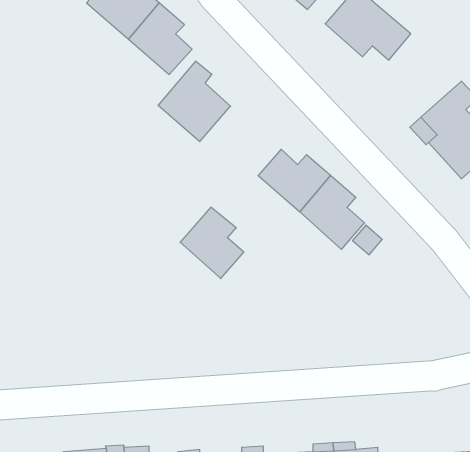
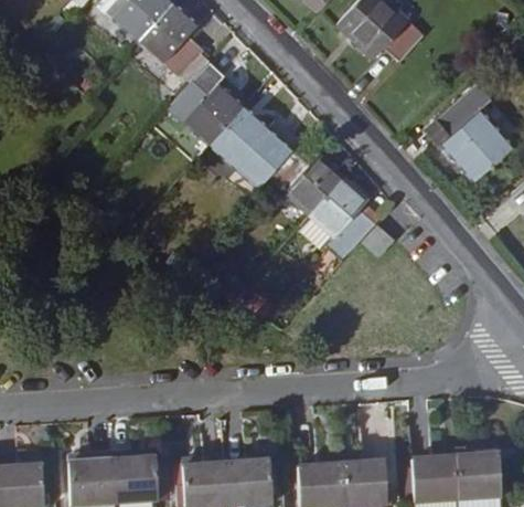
building: [180,207,244,279] -> [210,109,274,181]

